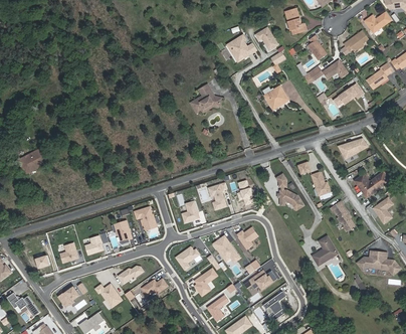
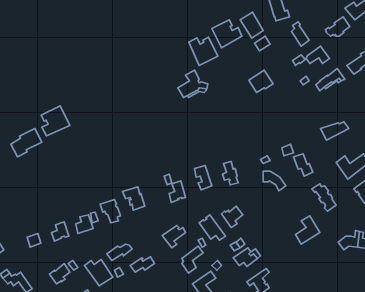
building: none -> [189,37,218,65]
building: none -> [41,106,70,136]

